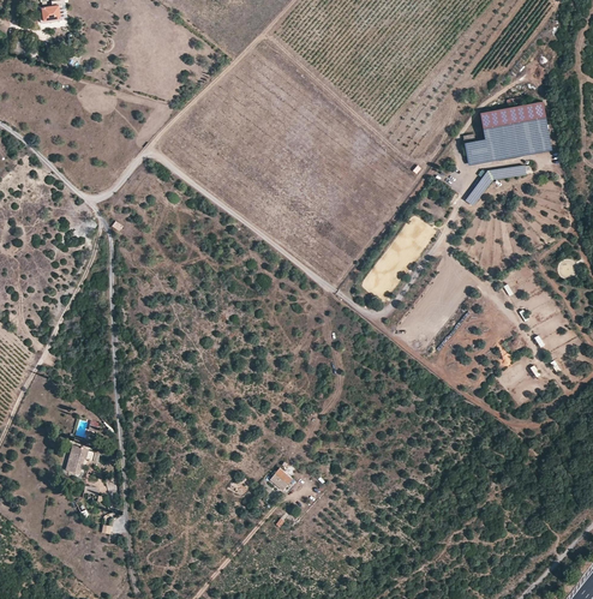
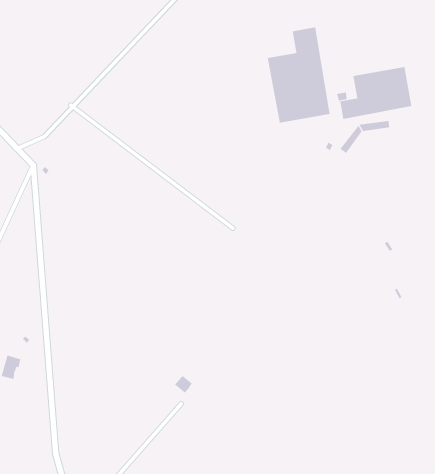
building: none -> [267,26,330,124]

